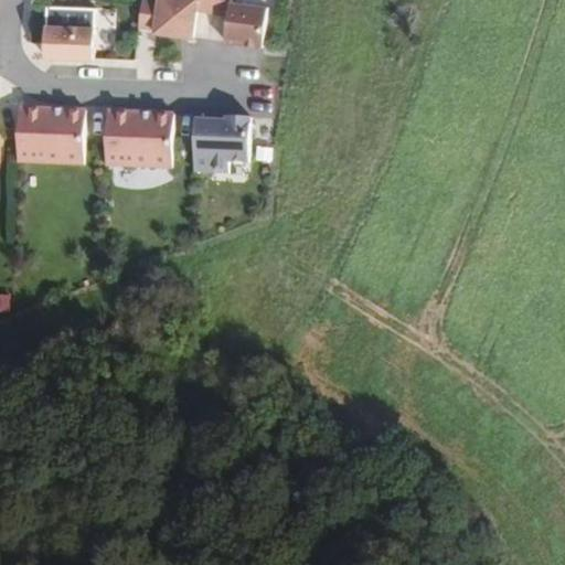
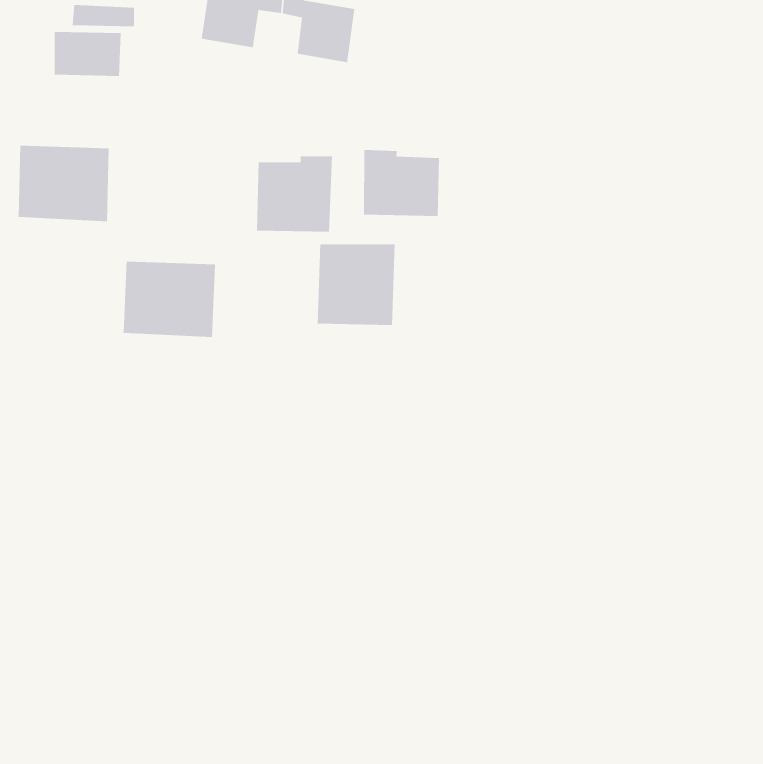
building: none -> [364,149,439,217]
building: [103,110,171,167] -> [123,261,216,338]
building: none -> [317,243,395,326]

